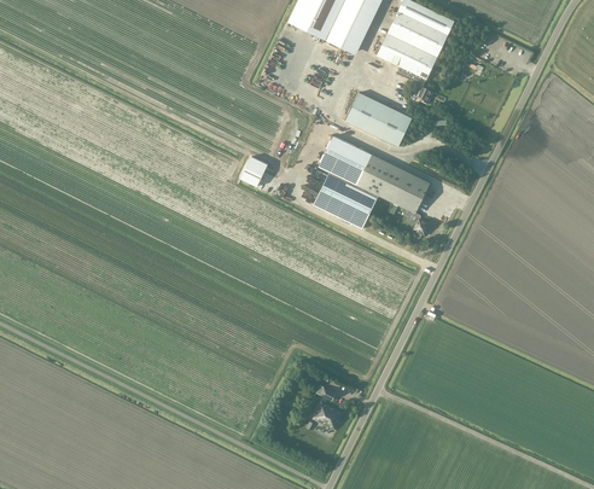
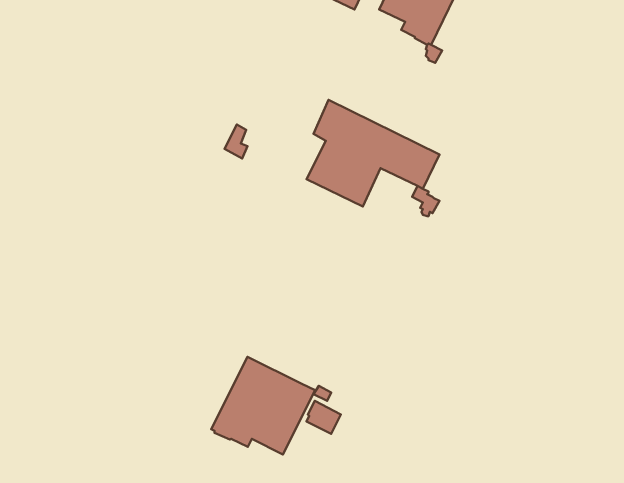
building: [346,92,413,146] -> none
building: none -> [211,357,315,455]

